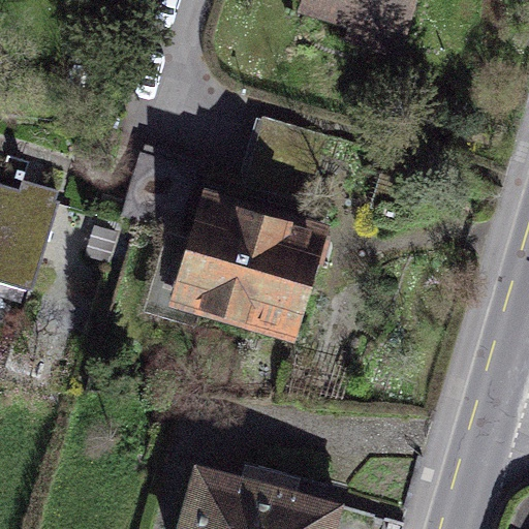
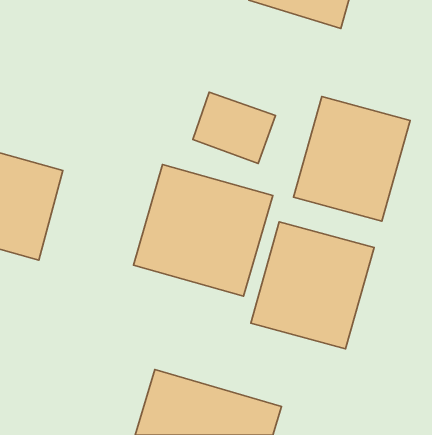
building: none -> [293,96,410,221]
building: none -> [251,222,374,349]

